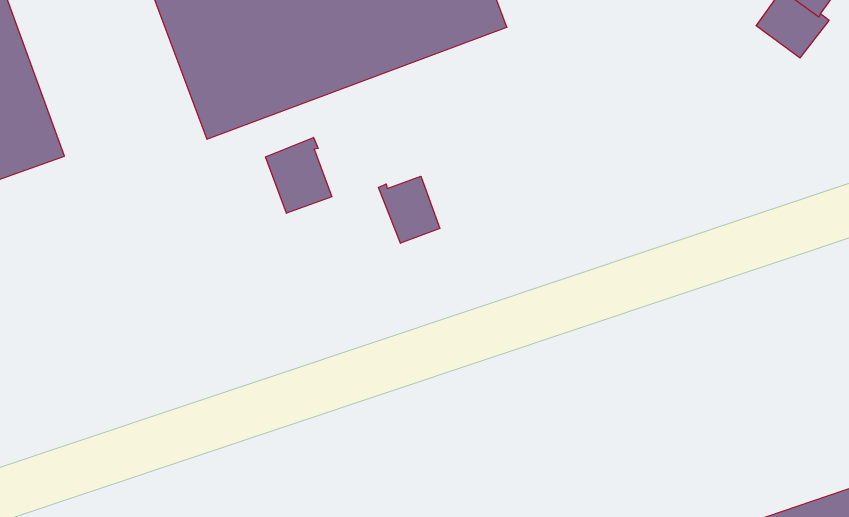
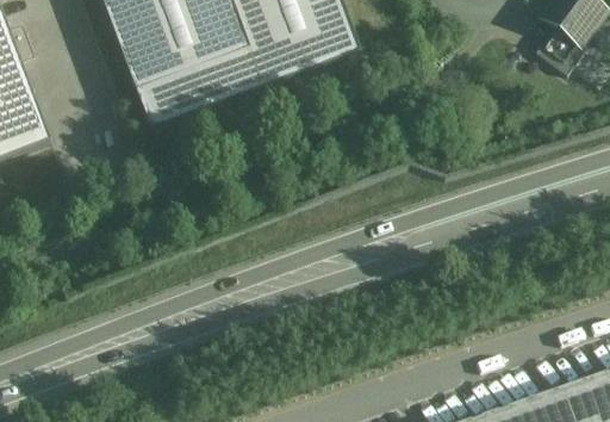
building: [265,137,332,213] -> none
building: [378,176,440,243] -> none

